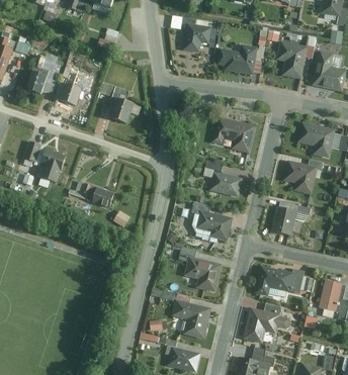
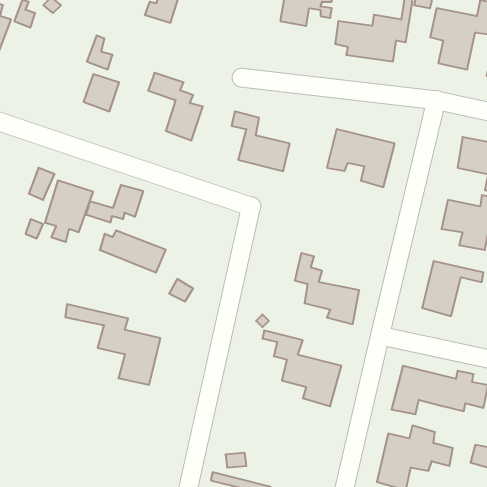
building: [25,54,49,93] -> none
building: none -> [86,185,143,223]
building: [206,159,243,196] -> [232,111,290,171]
building: [152,287,211,338] -> [65,304,160,385]

